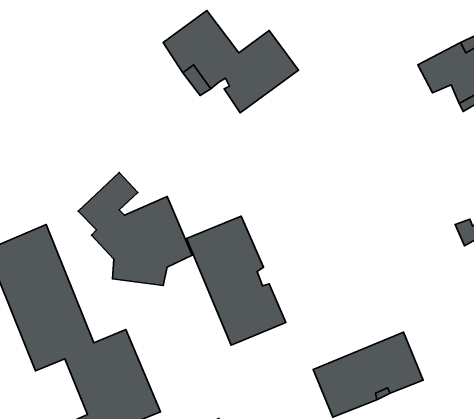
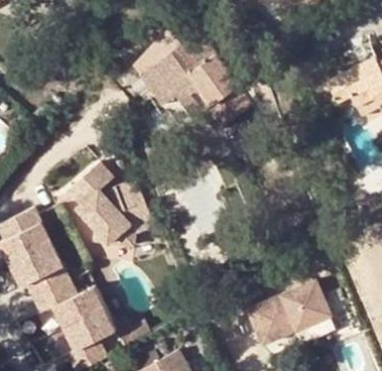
building: [187,216,286,345] -> none

